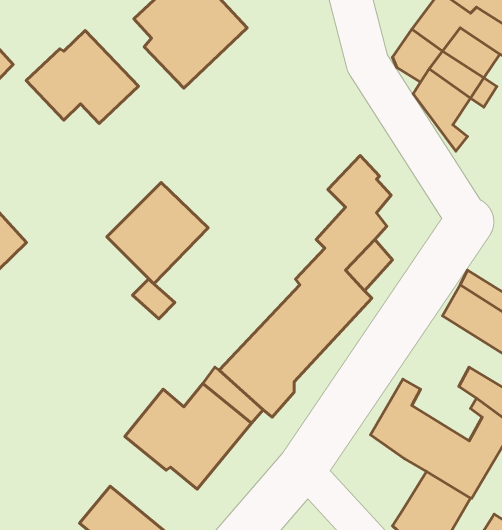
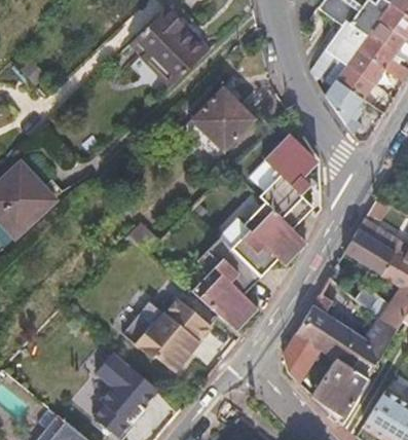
building: [26,30,138,124] -> none
building: [107,182,208,284] -> [185,87,256,158]
building: none -> [283,333,320,383]

